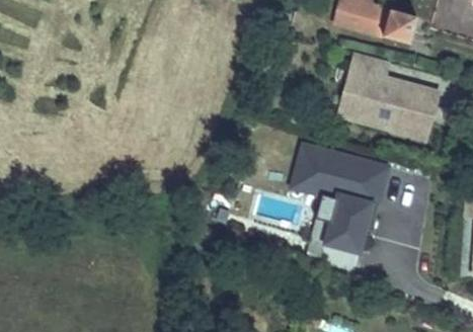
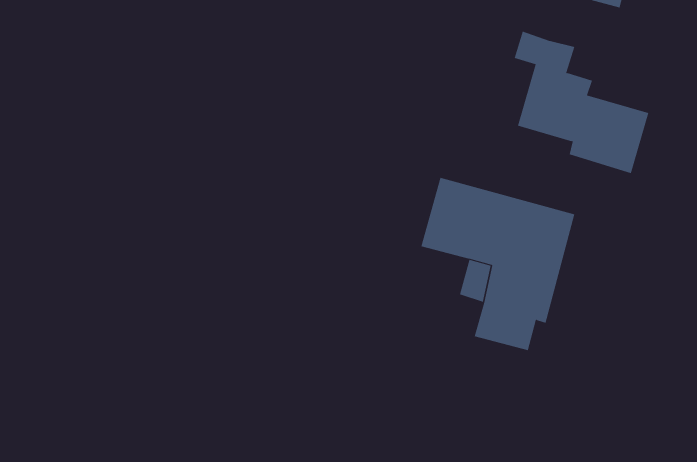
building: [335,68,386,129] -> none

